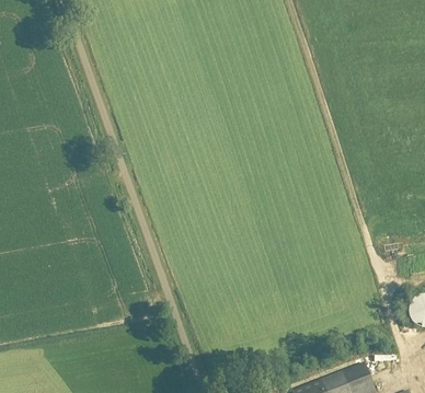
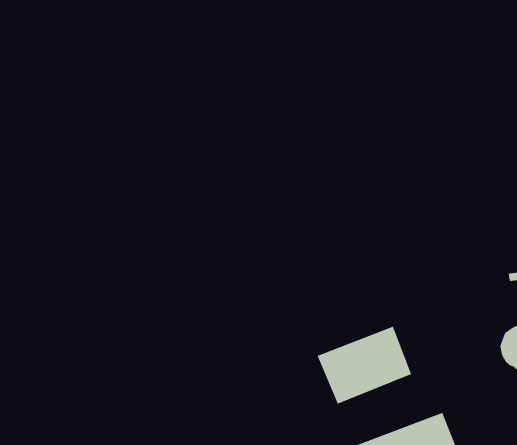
building: none -> [317,326,412,405]

